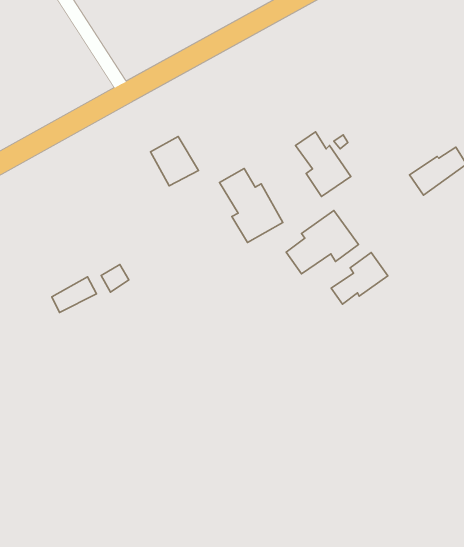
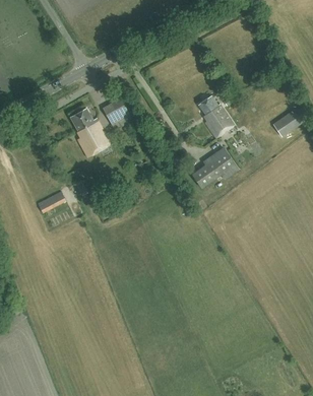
building: [220,169,283,243] -> [69,108,111,156]
building: [331,252,388,304] -> none

